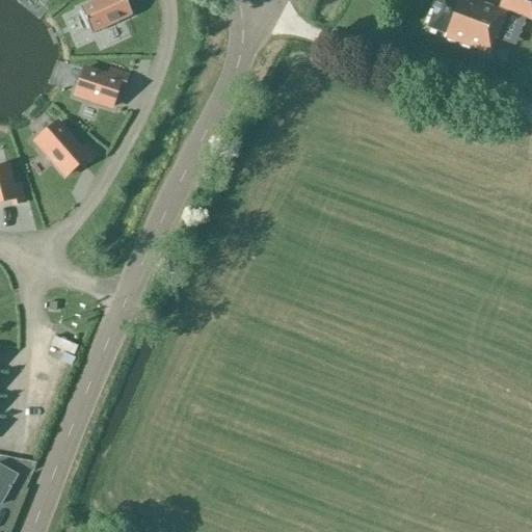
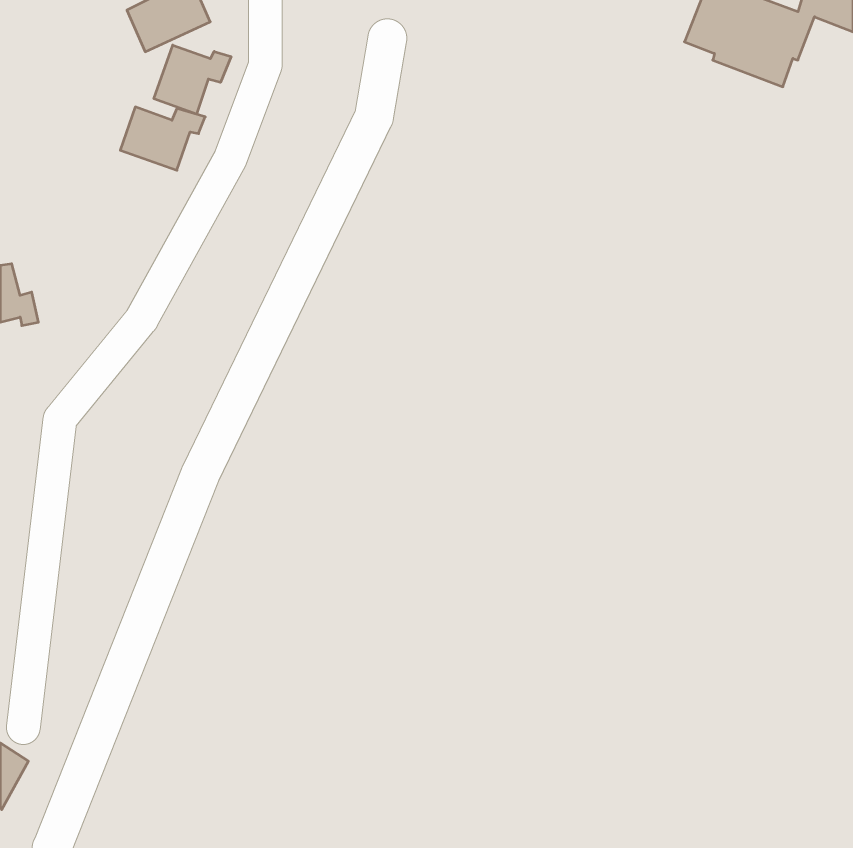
building: none -> [154,45,231,114]
building: [36,121,96,174] -> none

